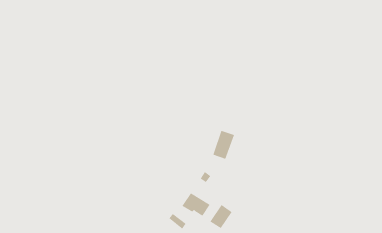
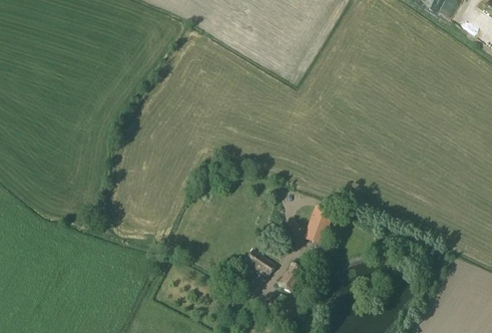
building: [212,130,235,160] -> [305,209,332,245]

